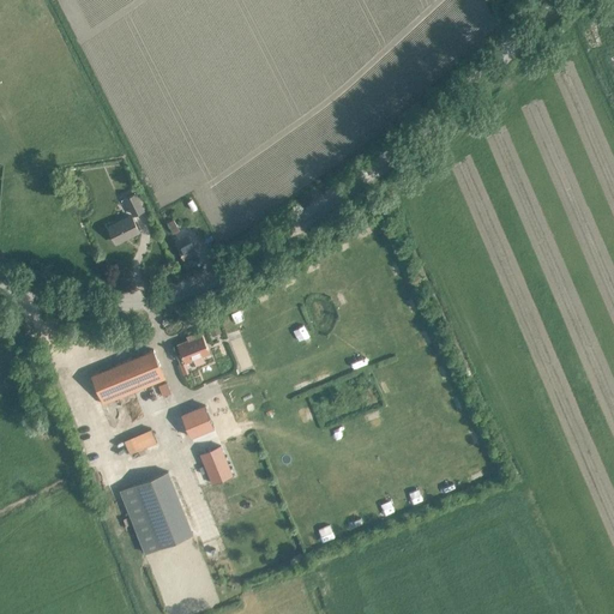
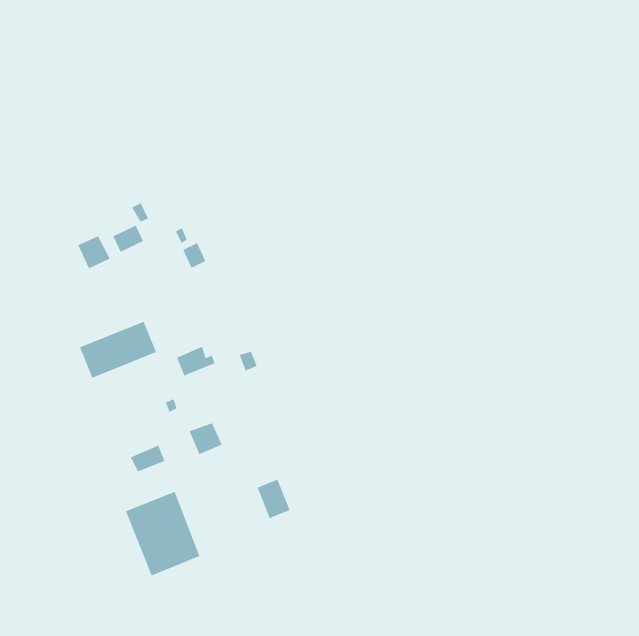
building: none -> [77,235,110,269]
building: [91,351,165,407] -> [79,321,157,379]
building: [200,447,233,486] -> [257,479,290,519]

